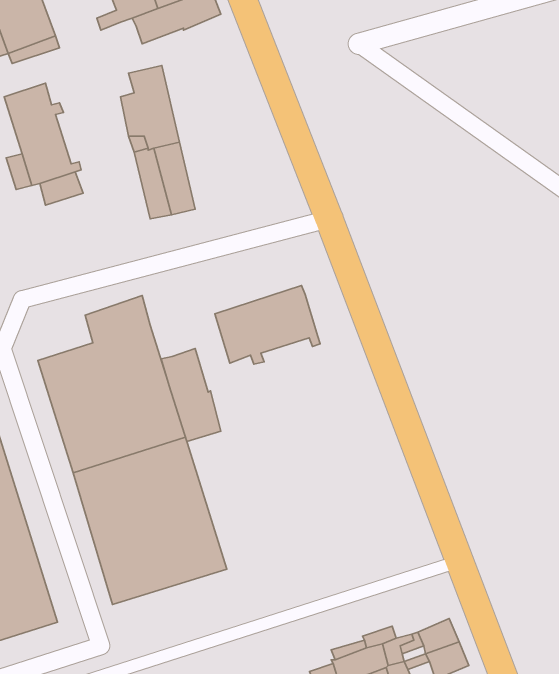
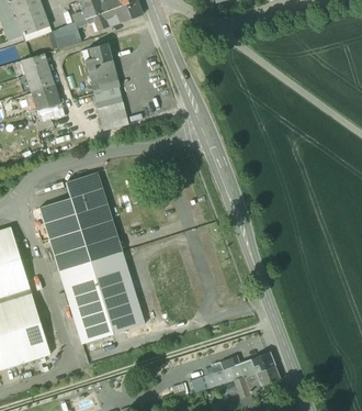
building: none -> [54,16,94,48]
building: [215,286,320,364] -> none
building: [161,349,221,441] -> none

